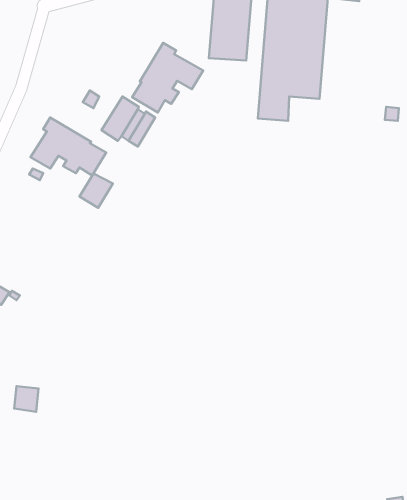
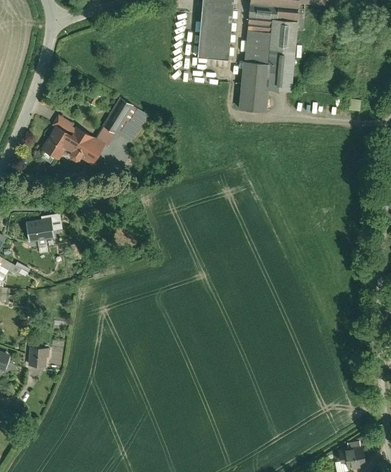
building: [132,43,203,113] -> none
building: [80,174,113,208] -> none
building: none -> [24,222,52,248]

